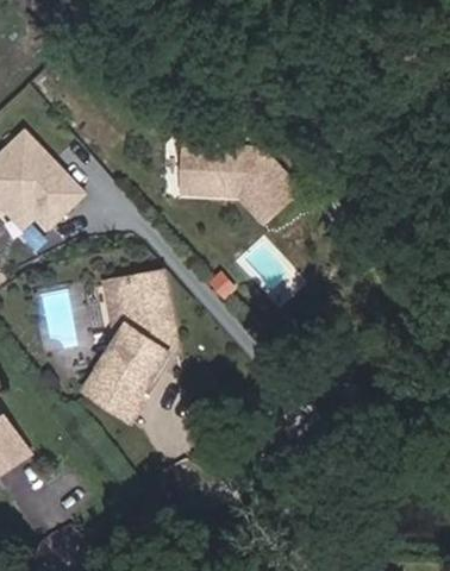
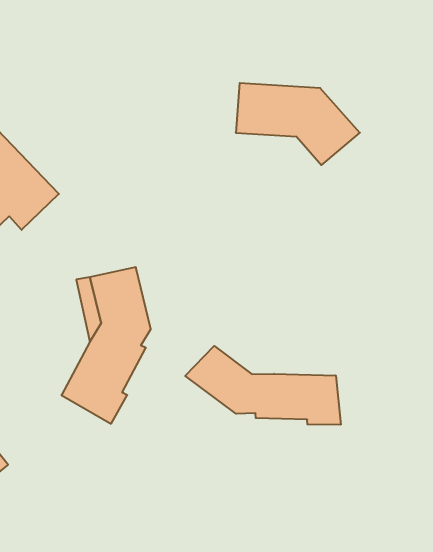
building: [173,142,292,220] -> [236,83,360,165]
building: none -> [185,346,341,425]

